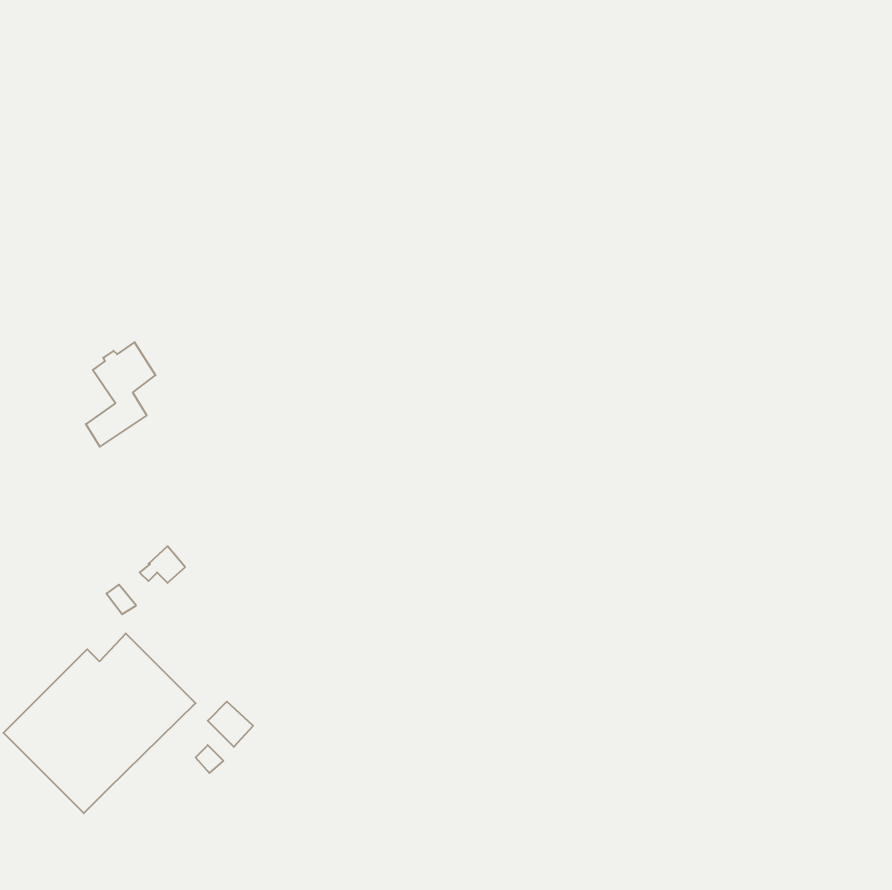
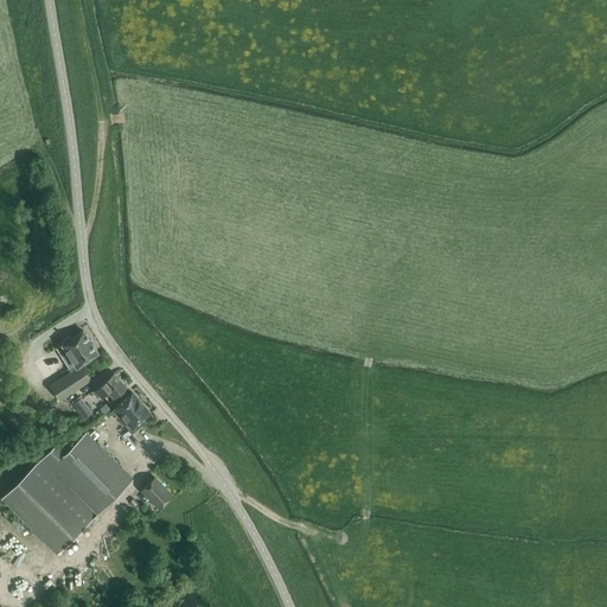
building: [86,342,156,447] -> [50,331,97,402]
building: none -> [111,392,149,434]

